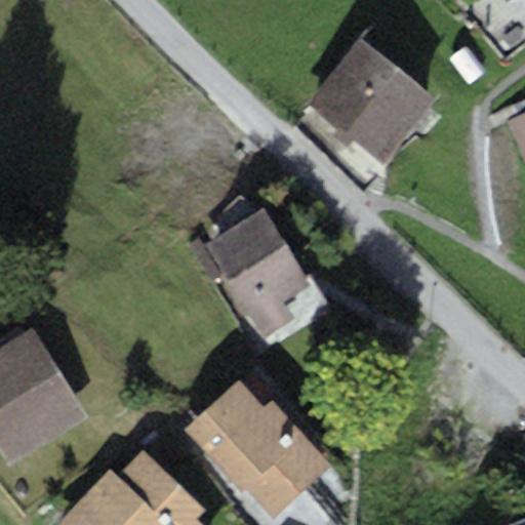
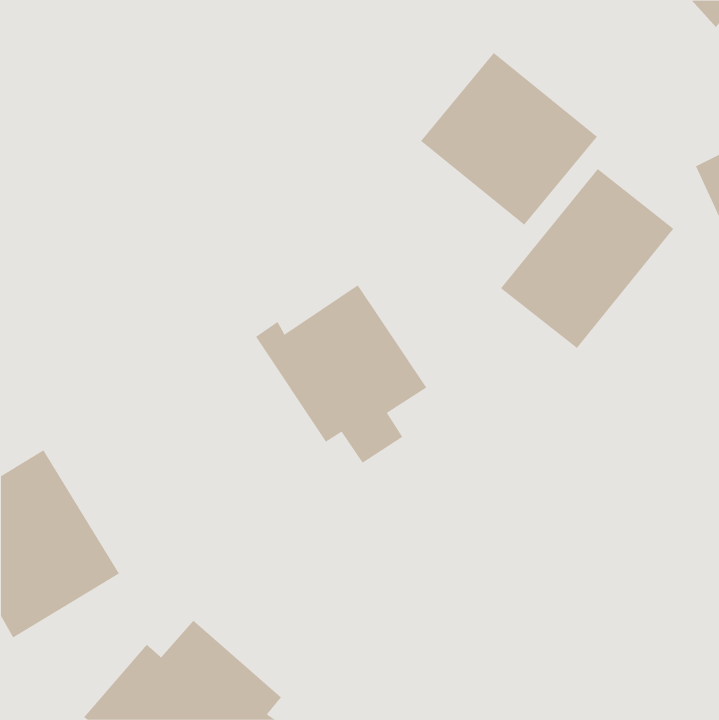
building: none -> [500,168,674,349]
building: [185,381,332,518] -> none

